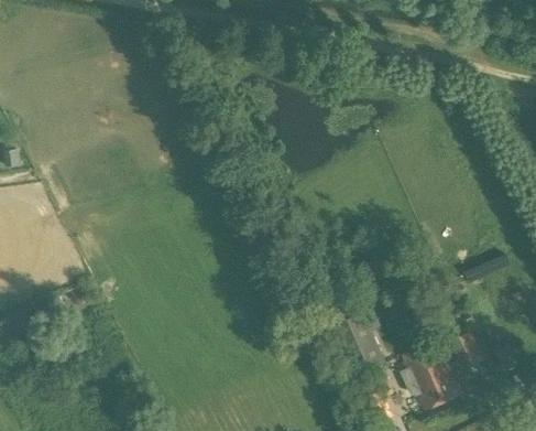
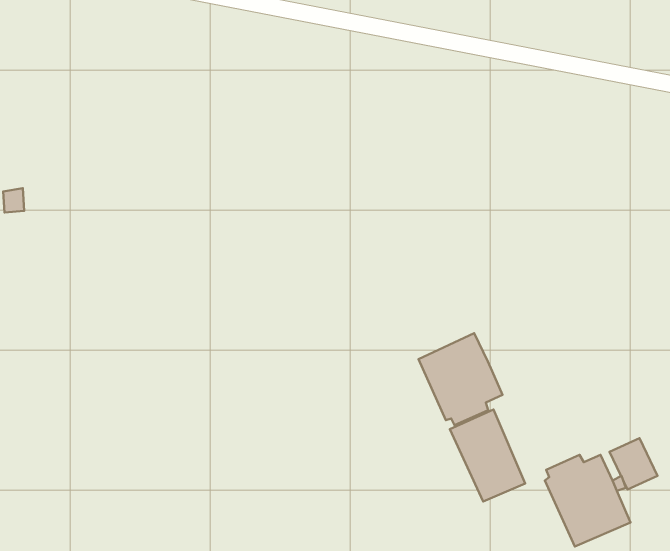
building: none -> [418,333,502,425]

